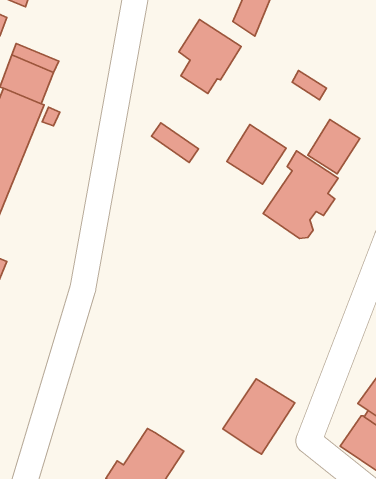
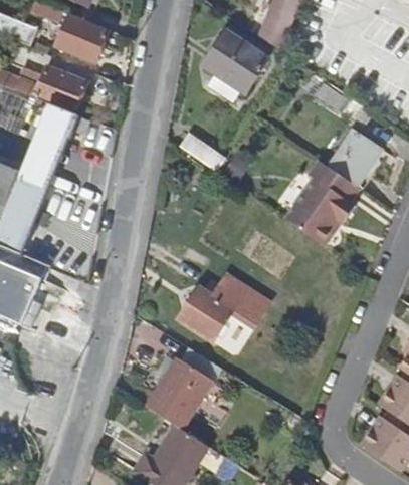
building: none -> [57,18,109,61]
building: [227,125,286,184] -> none
building: none -> [179,273,270,339]
building: [223,379,295,454] -> [147,357,216,430]

